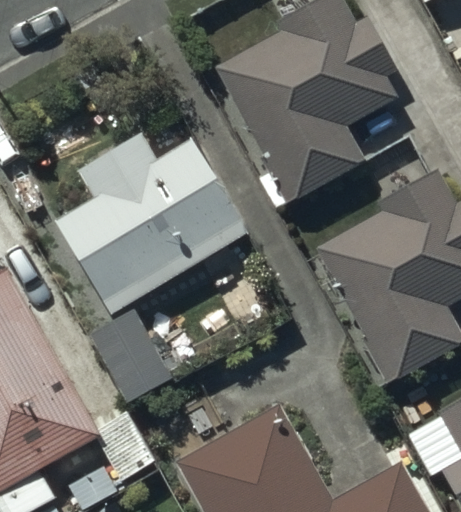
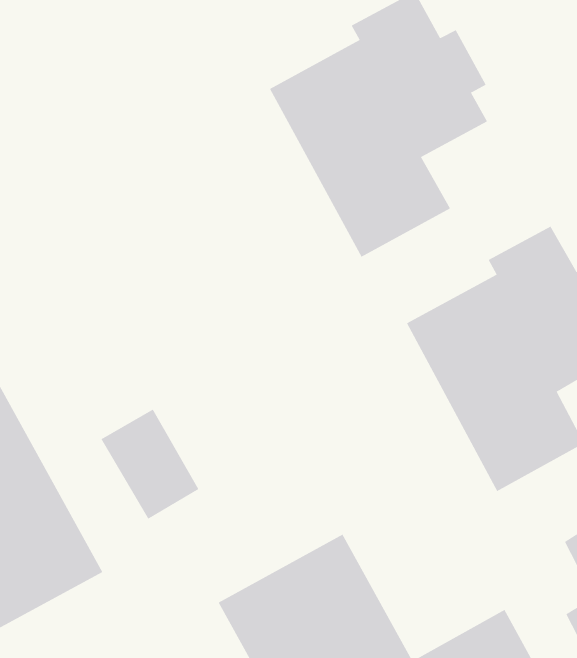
building: [63,137,241,307] -> none

